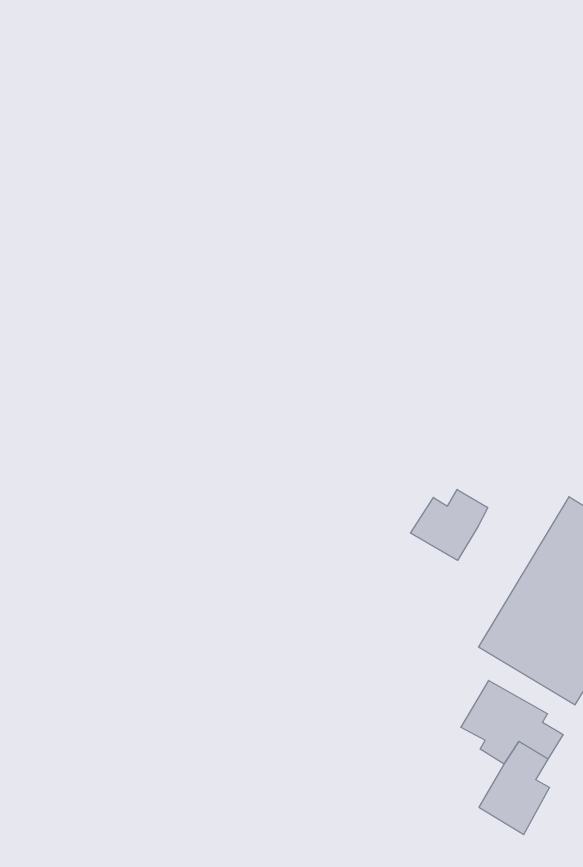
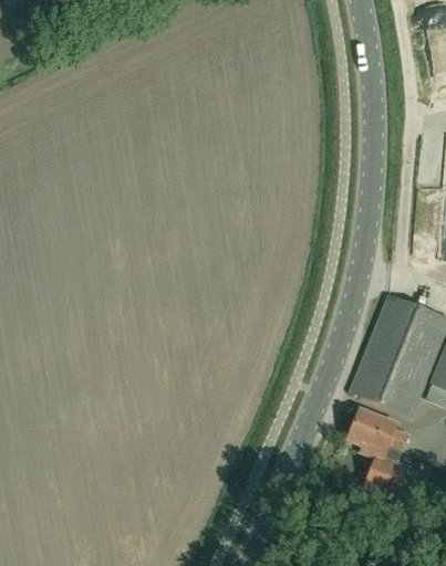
building: [410,489,488,560] -> none

